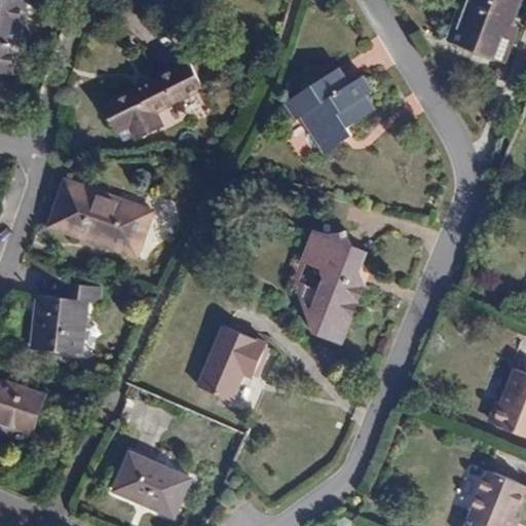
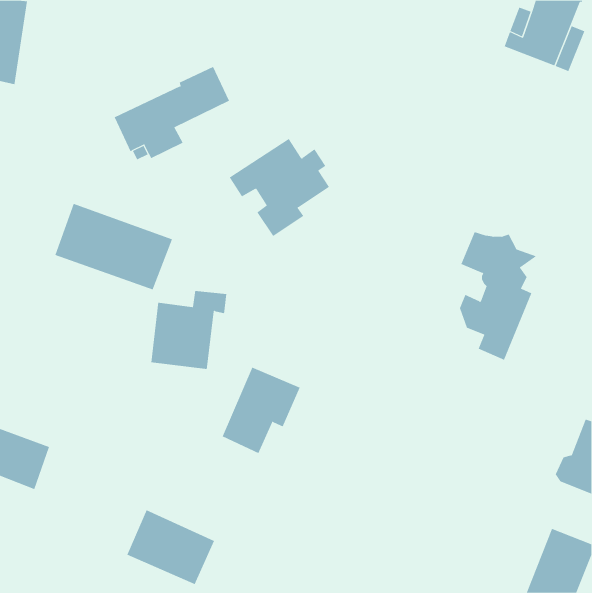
building: [285,68,374,155] -> [229,138,330,237]
building: [300,230,369,344] -> [459,232,537,360]
building: [31,284,99,353] -> [151,290,227,369]

